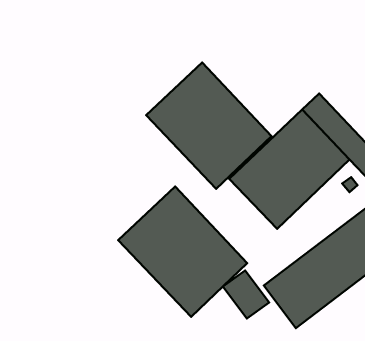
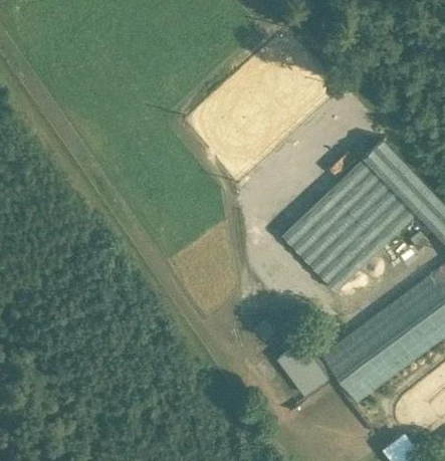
building: [146,63,271,189] -> none
building: [118,187,247,317] -> none

